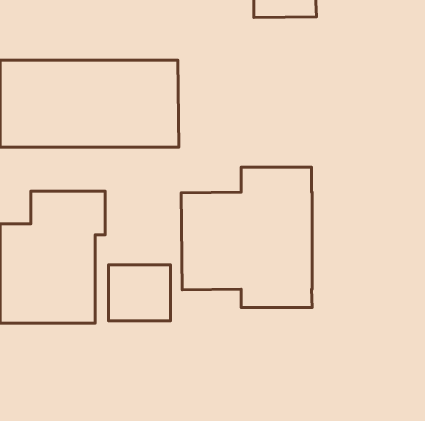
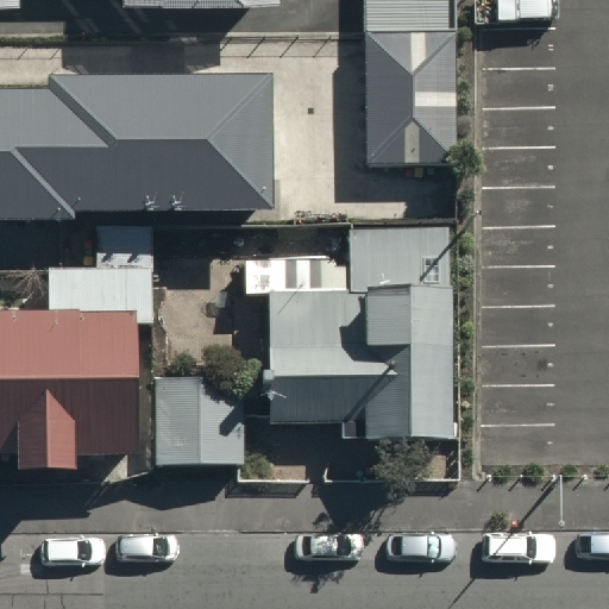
building: none -> [363,30,459,156]

